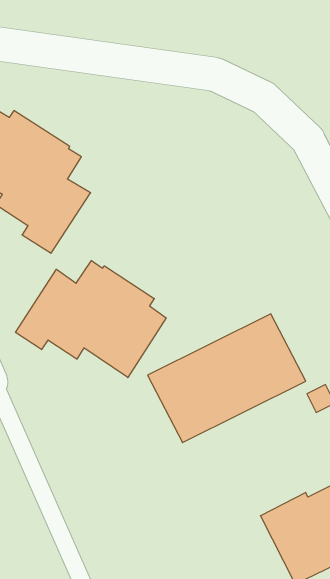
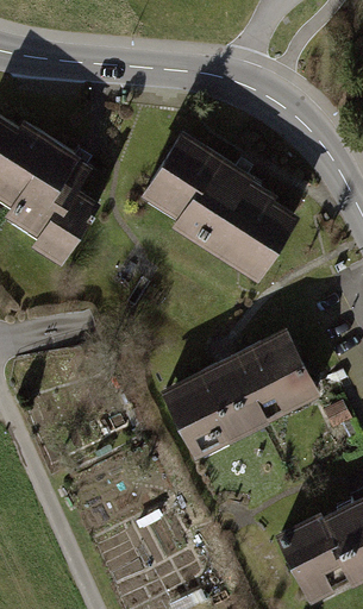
building: none -> [139,130,300,283]
building: [16,261,166,378] -> none

